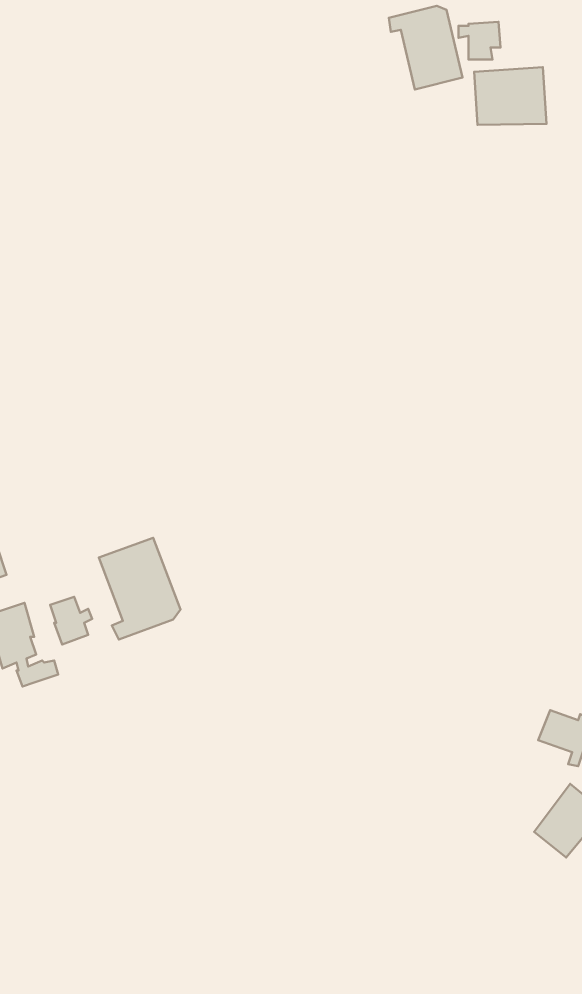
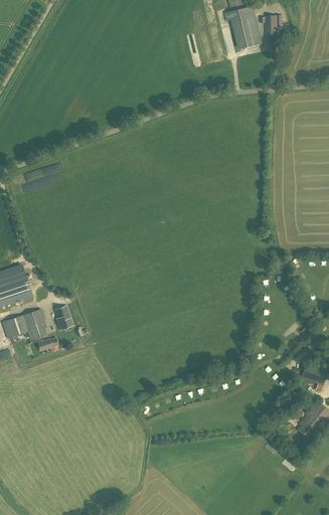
building: [474,67,547,125] -> none
building: [99,538,181,639] -> none

